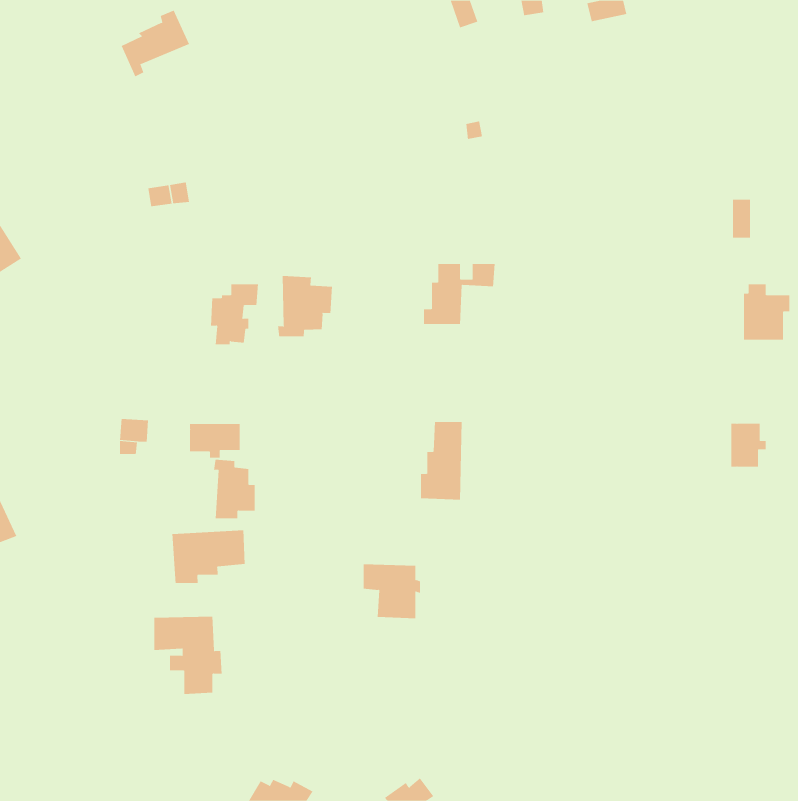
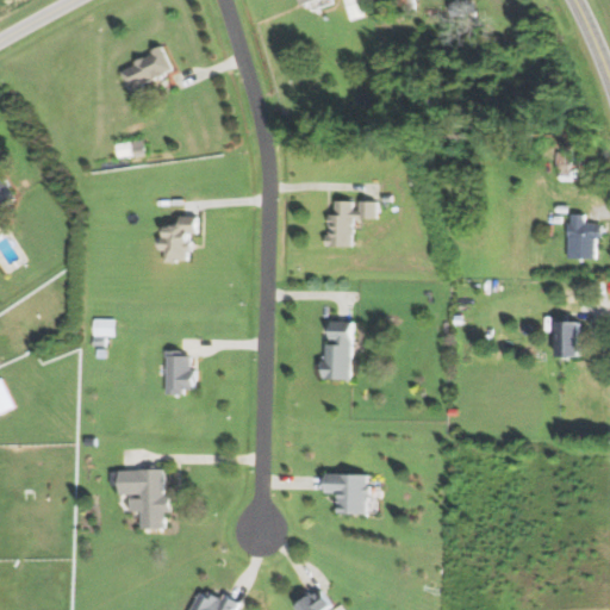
building: [121,10,190,77] -> [119,44,172,95]
building: [277,275,332,337] -> none
building: [190,423,240,458] -> none
building: [172,530,245,584] -> none
building: [363,564,421,619] -> [325,472,369,513]

